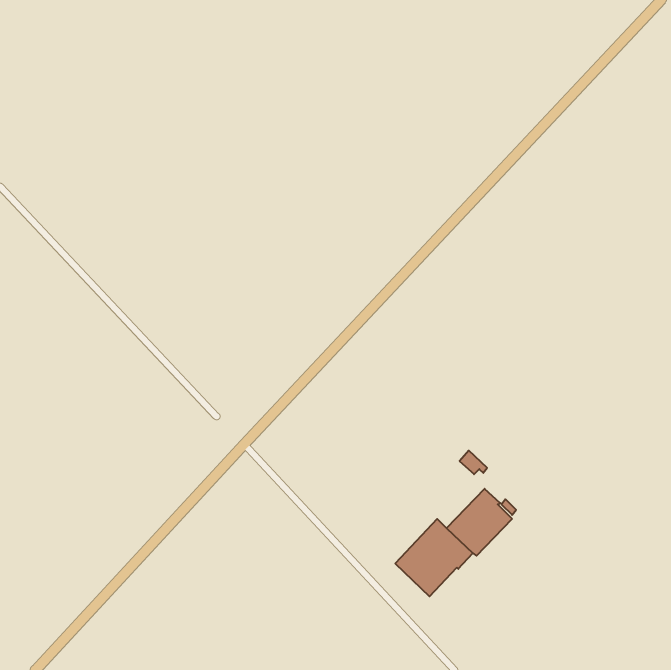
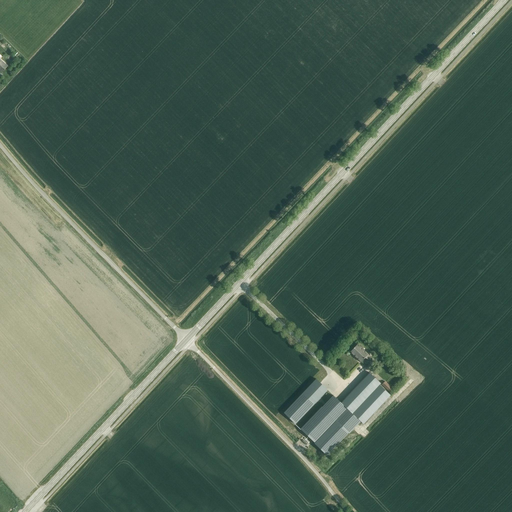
building: none -> [284,389,318,423]

